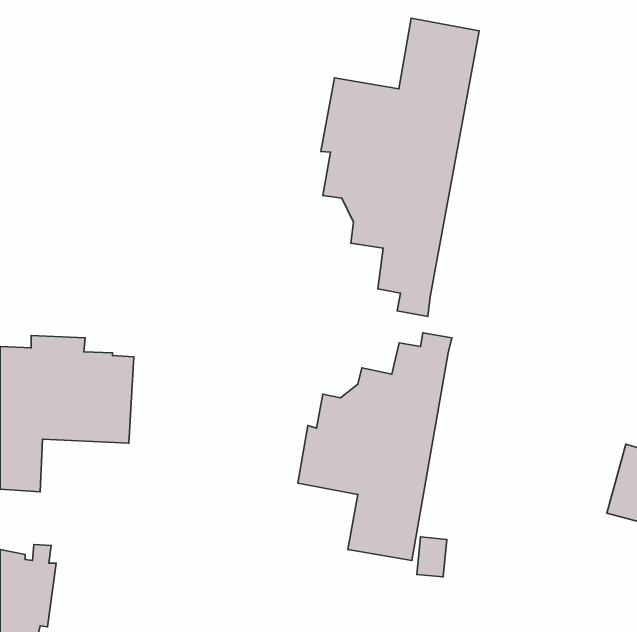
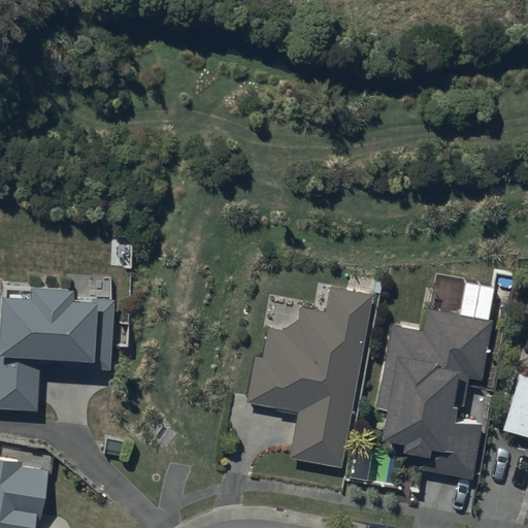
building: [321,18,479,317] -> none
building: none -> [374,283,494,482]

